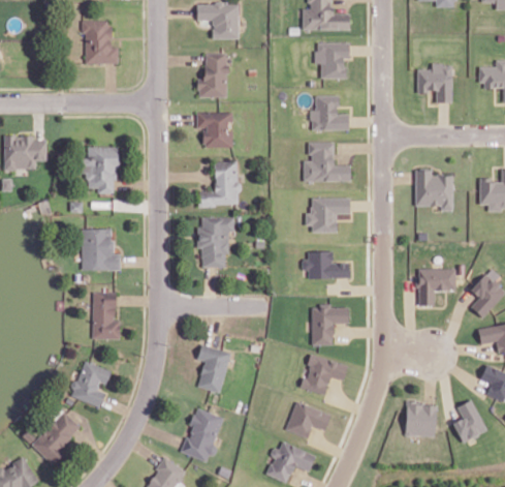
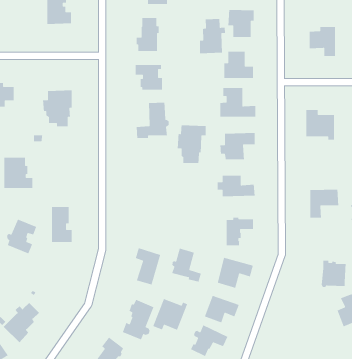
building: none -> [199,18,226,54]
building: [197,216,234,266] -> [177,125,206,164]
building: [83,229,120,269] -> [4,157,33,189]
building: none -> [171,248,202,282]
building: [71,361,111,406] -> [6,218,37,254]
building: [403,401,435,436] -> [321,260,346,288]
building: none -> [152,298,188,331]

